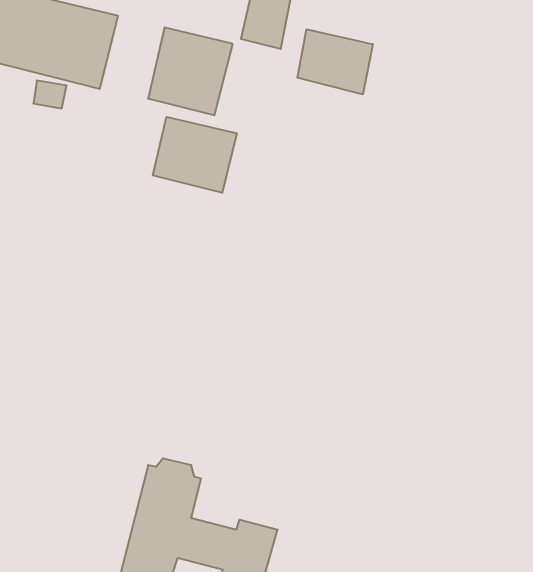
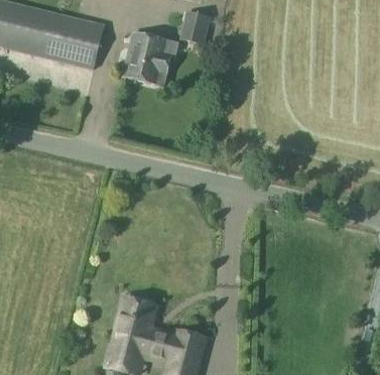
building: [297,29,373,94] -> none
building: [153,117,237,193] -> none

